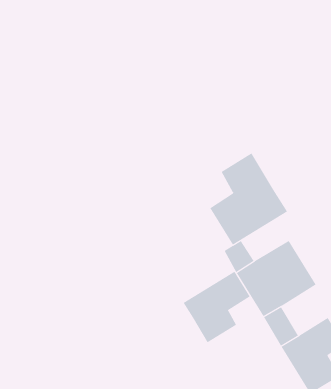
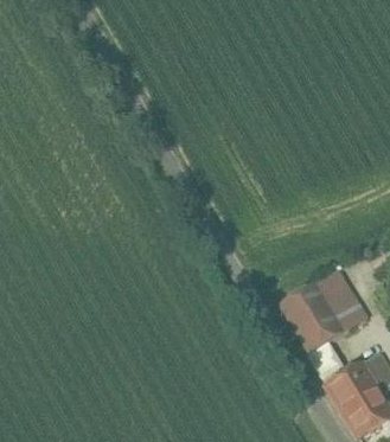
building: [210,152,288,245] -> none
building: [183,271,251,343] -> none

